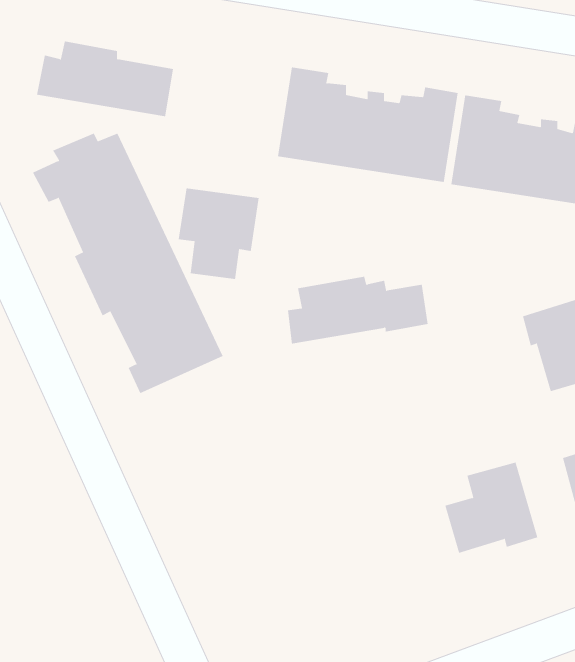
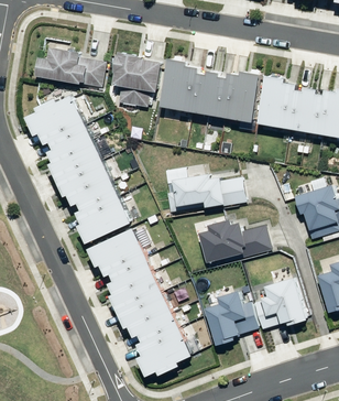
building: [178,188,260,280] -> [113,56,158,107]
building: none -> [200,221,270,262]
building: none -> [86,229,189,375]
building: none -> [206,292,256,346]

